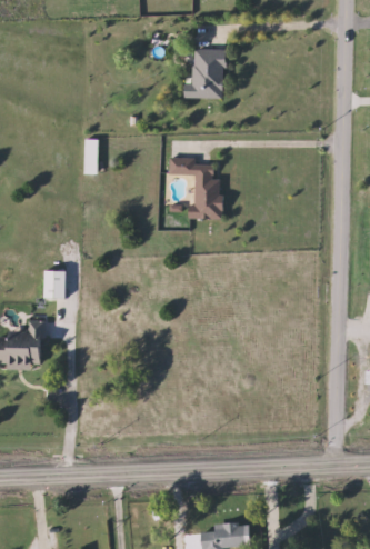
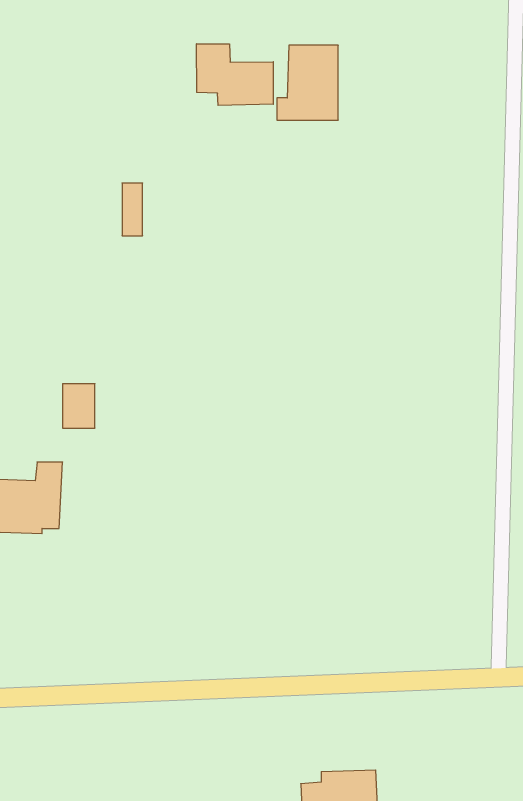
building: none -> [197,44,273,105]
building: [168,157,223,219] -> none

